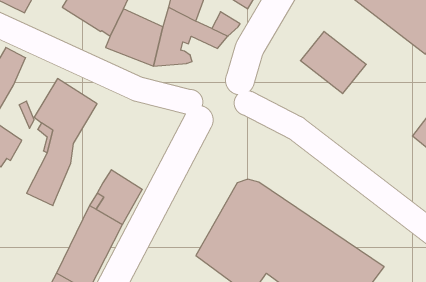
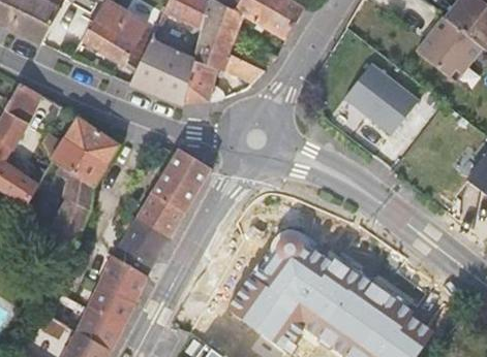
building: none -> [113,148,212,238]

